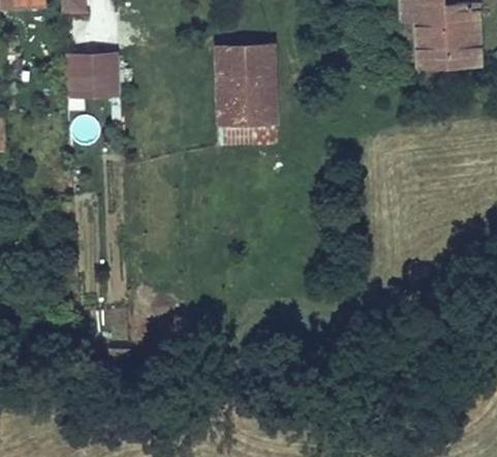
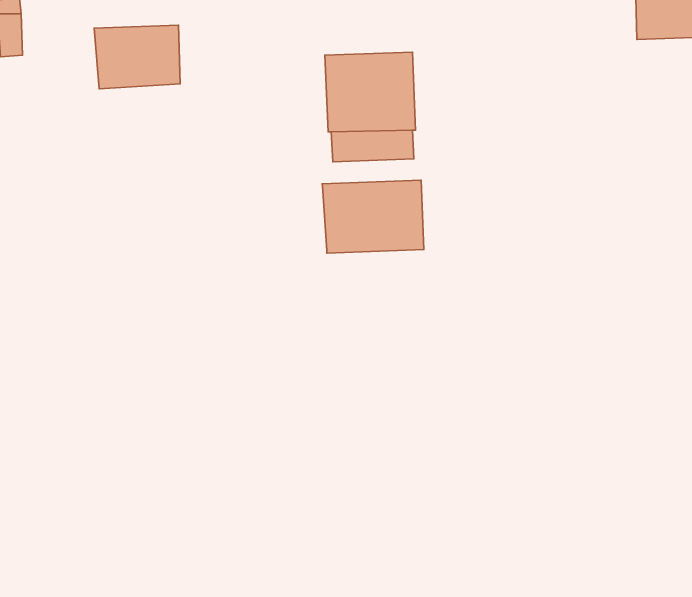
building: [215,45,273,74] -> none
building: none -> [322,180,424,253]

